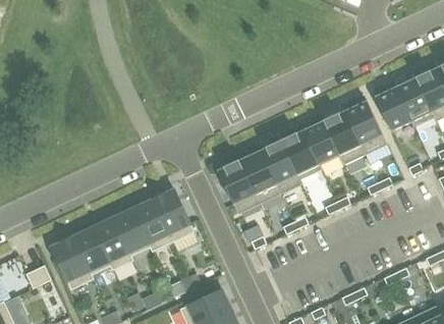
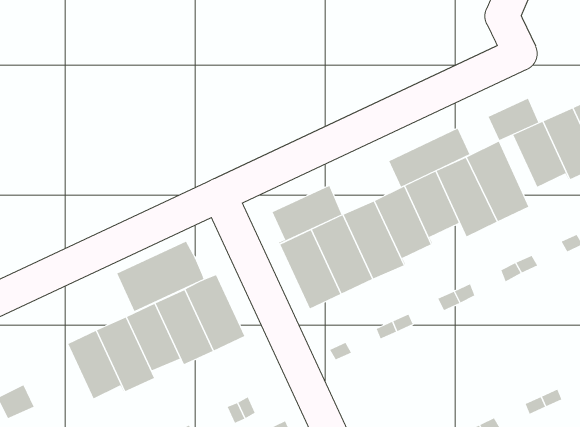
building: none -> [488,98,544,141]
building: none -> [388,128,470,188]
building: none -> [272,185,342,244]
building: none -> [117,241,204,312]
building: [51,236,93,288] -> none

